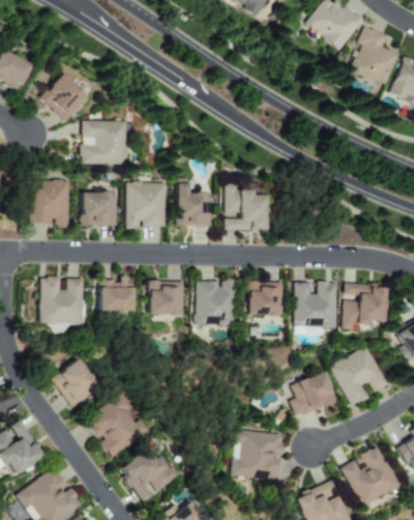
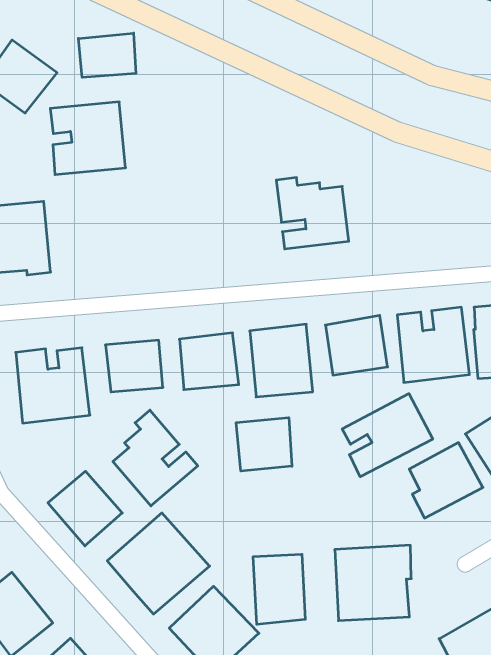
building: none -> [78,33,136,77]
building: [177,178,214,227] -> none
building: [127,182,169,228] -> none
building: [83,192,119,226] -> none
building: none -> [113,410,198,506]
building: none -> [342,394,433,477]
building: none -> [236,418,292,471]
building: none -> [253,554,305,624]

